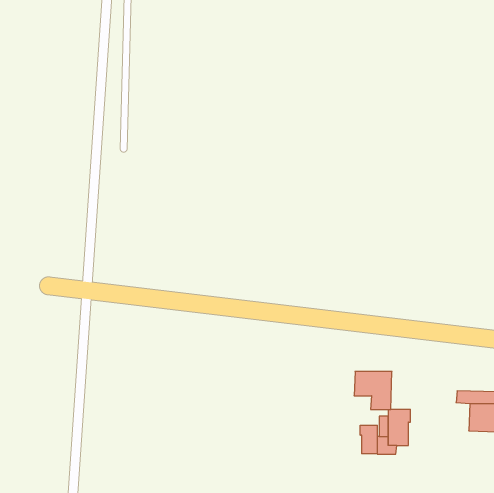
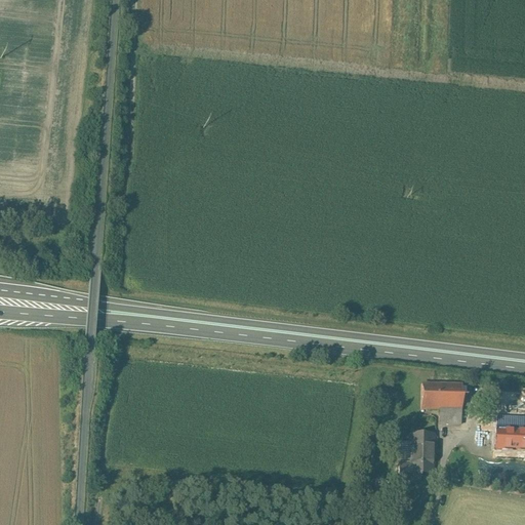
building: [354,371,392,409] -> [423,380,463,420]
building: [360,425,377,454] -> none

